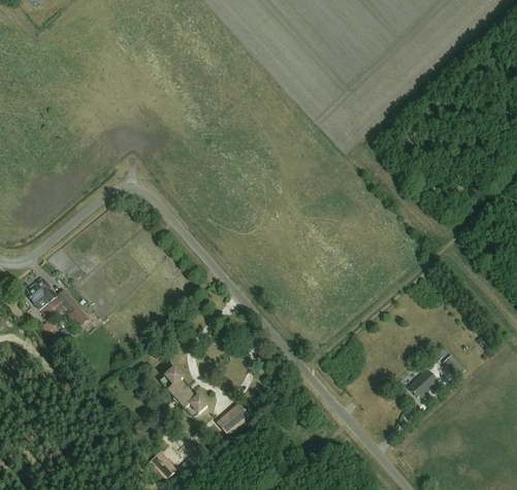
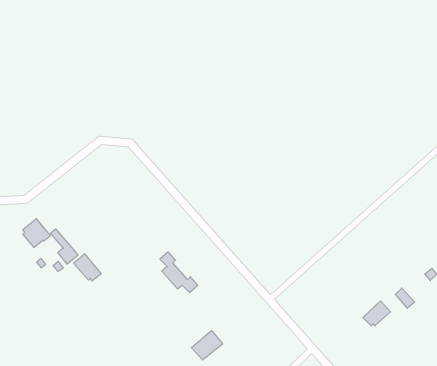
building: none -> [74,254,101,281]
building: [165,367,207,413] -> [160,252,198,292]

